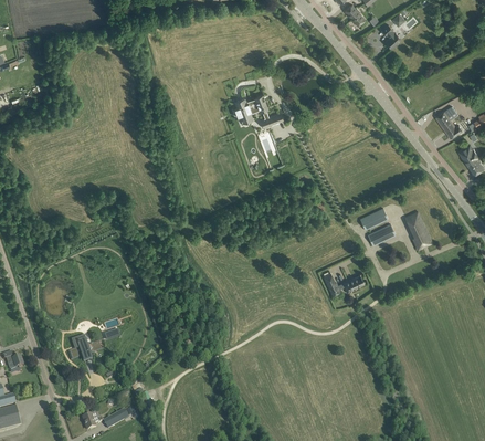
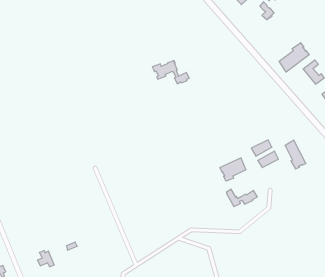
building: none -> [279,43,309,72]
building: none -> [220,158,246,181]

